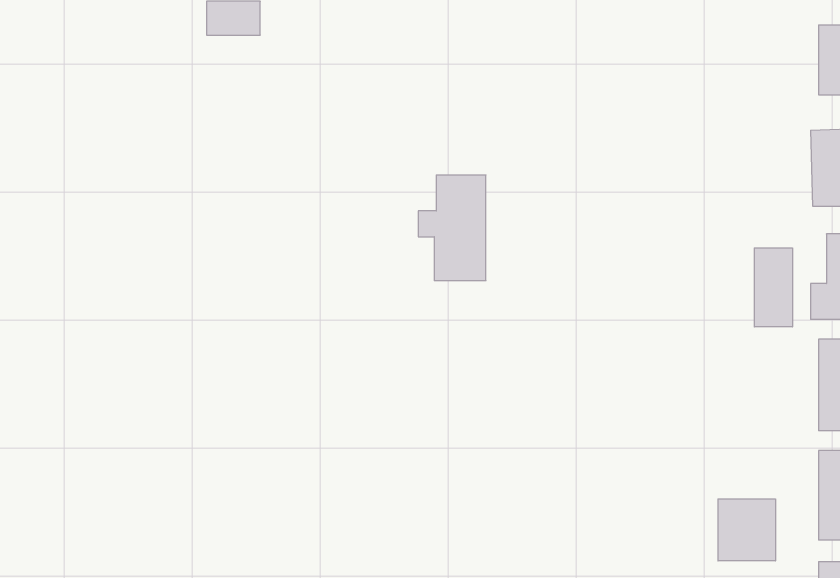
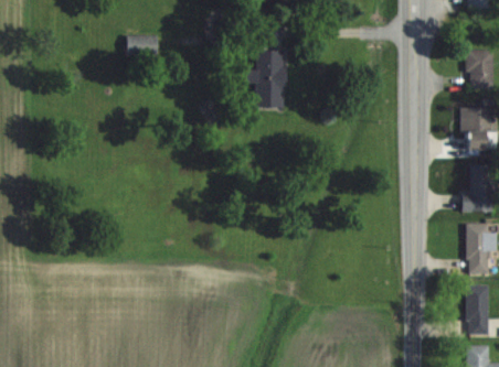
building: [418,175,486,281] -> [246,48,284,107]
building: [754,248,792,327] -> none
building: [718,499,775,561] -> none

